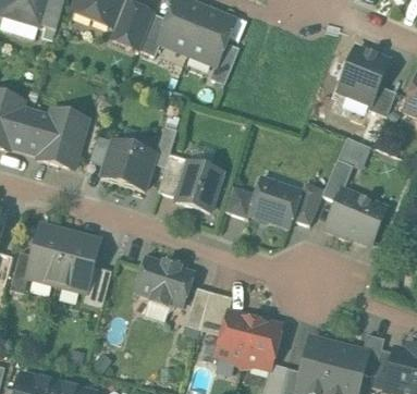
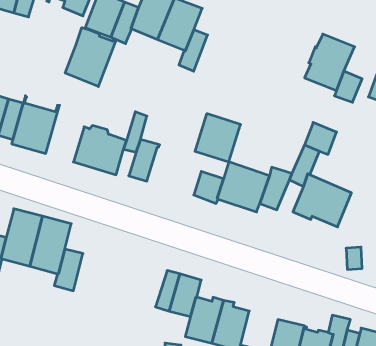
building: none -> [65,28,116,87]
building: [175,161,222,210] -> [195,114,241,162]
building: [135,257,193,306] -> none

